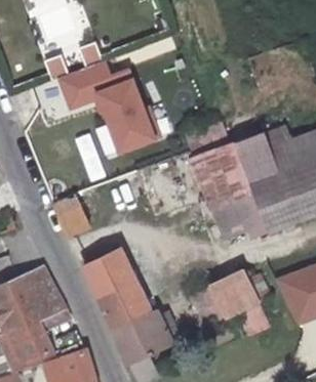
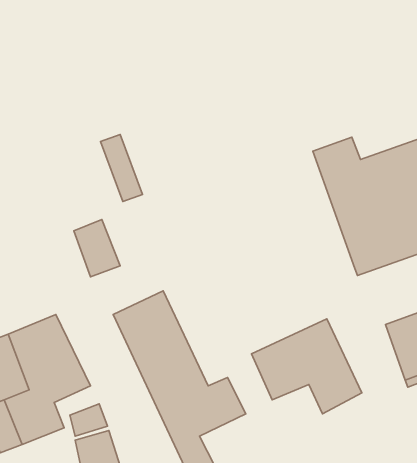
building: [47,43,153,147] -> none
building: [188,145,262,242] -> none

